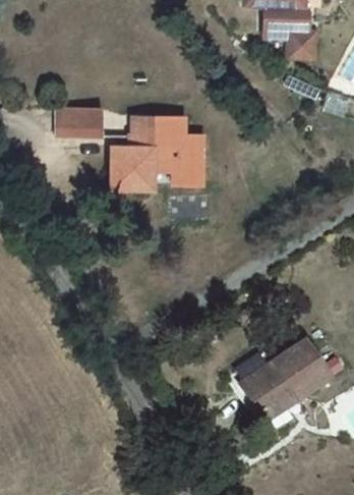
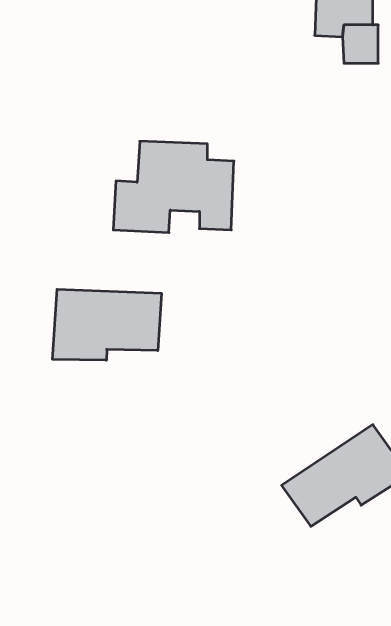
building: [56,109,99,135] -> none
building: none -> [53,289,161,360]

